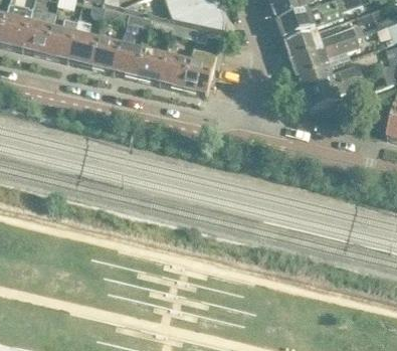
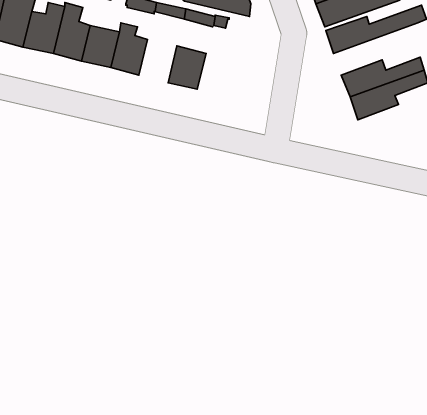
building: [290,35,360,76] -> none
building: [183,47,217,94] -> none
building: [137,48,167,82] -> none

